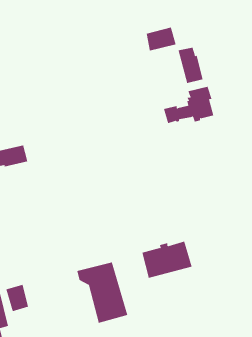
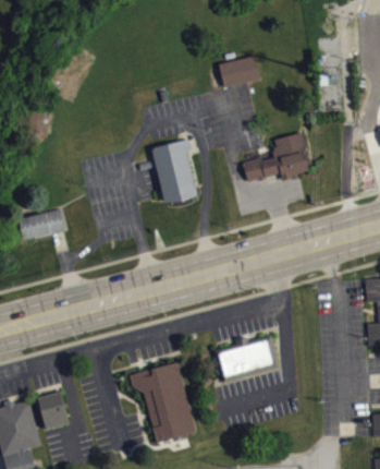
building: [178,47,203,84] -> none
building: none -> [150,139,196,203]

